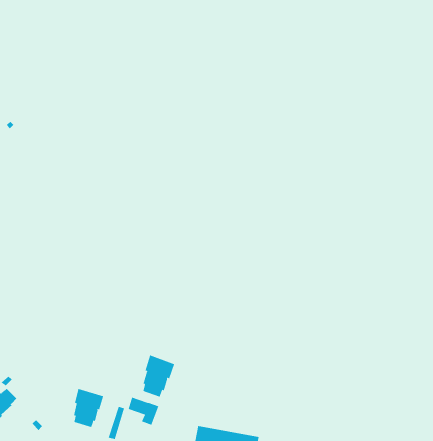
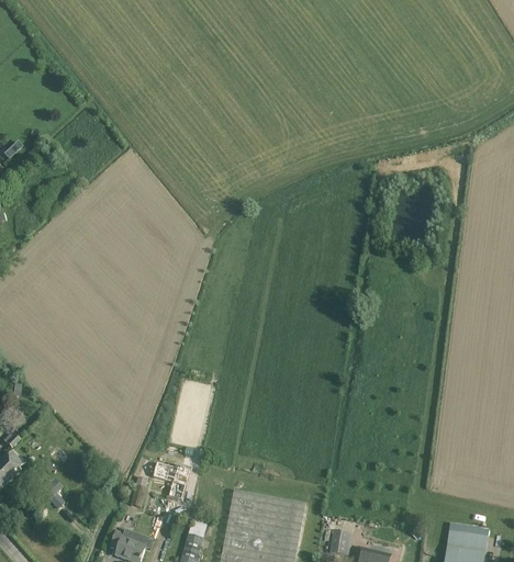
building: [143,355,175,398] -> none
building: [73,388,104,428] -> none

